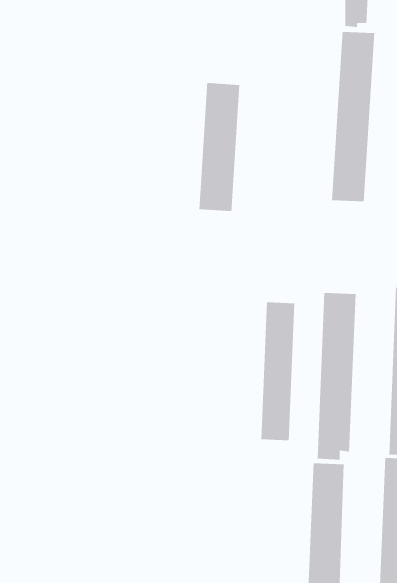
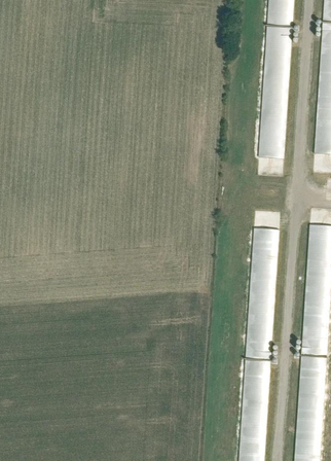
building: [199,82,240,212] -> none
building: [261,302,295,441] -> none

